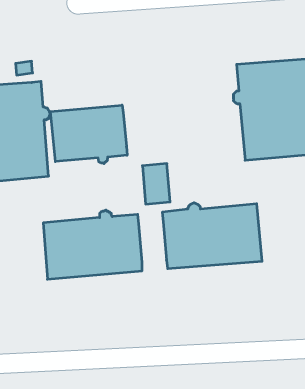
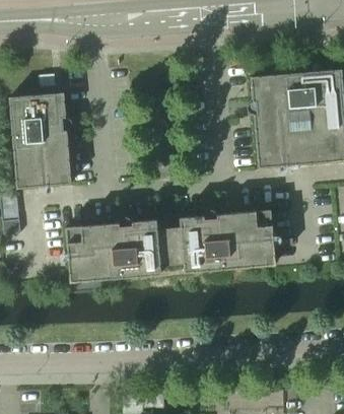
building: [50,105,127,164] -> none
building: [142,164,170,204] -> [158,227,185,266]

